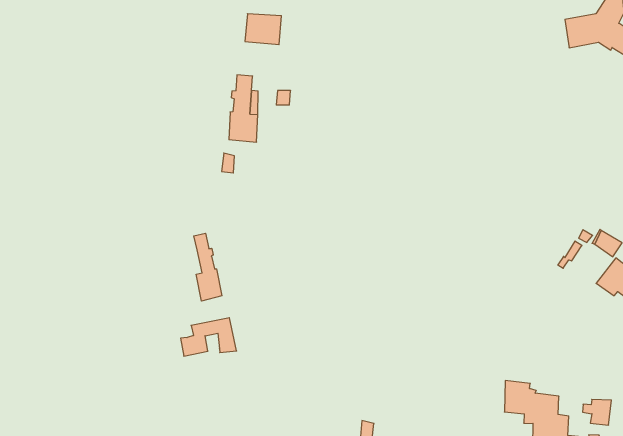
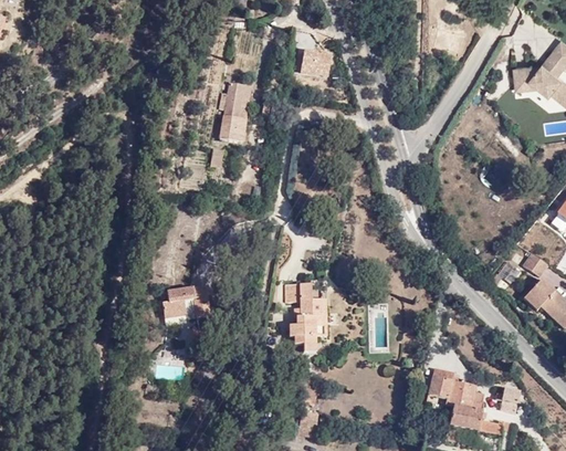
building: [245,14,281,45] -> [297,48,331,76]
building: [194,233,222,301] -> none
building: none -> [282,284,326,354]

